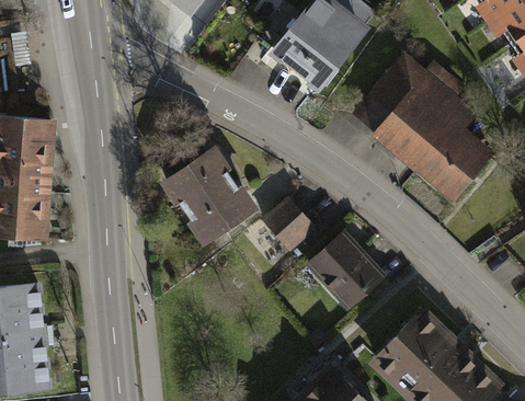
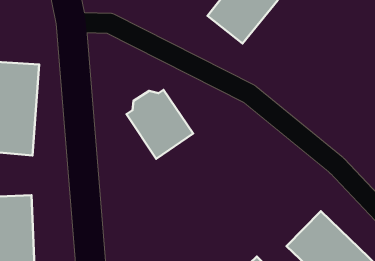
building: [357,57,486,194] -> none
building: [267,199,317,250] -> none
building: [309,230,383,306] -> none

